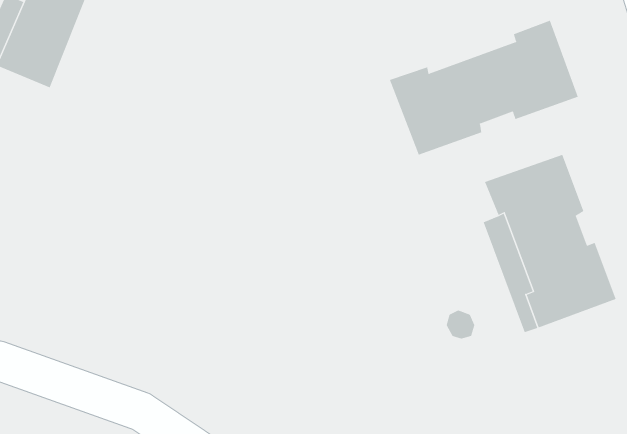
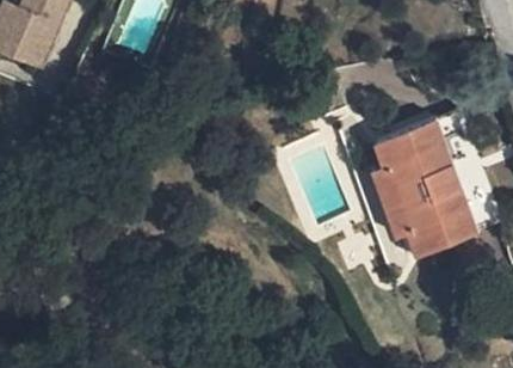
building: [389,20,578,156] -> none

